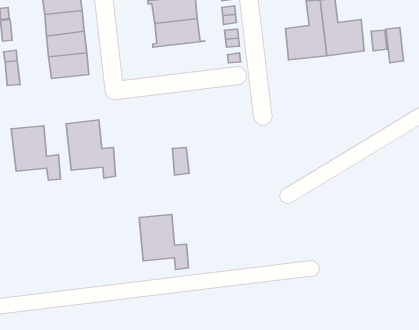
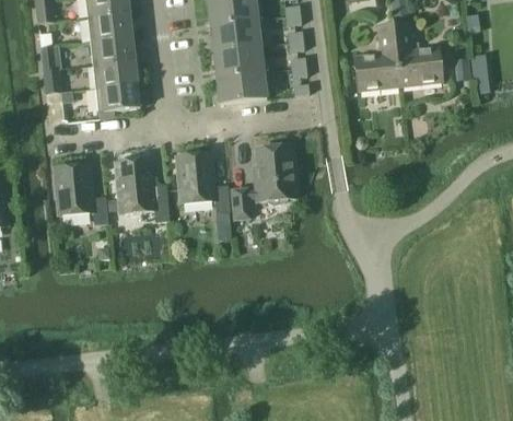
building: none -> [211,69,269,102]
building: none -> [256,143,296,202]
building: [139,215,188,270] -> [176,151,231,212]

